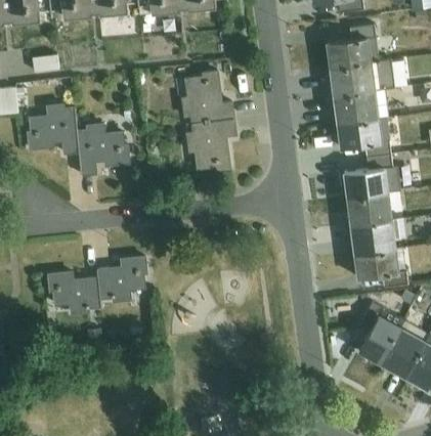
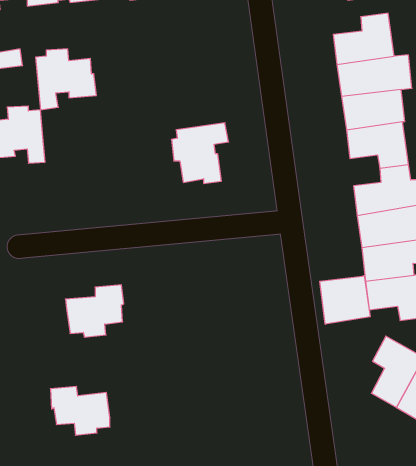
building: [180,72,232,125] -> none
building: [76,124,128,176] -> [36,49,96,110]
building: none -> [320,276,370,324]
building: [48,273,99,315] -> [50,386,110,435]

